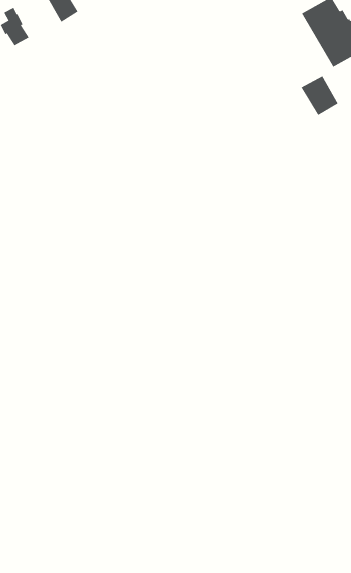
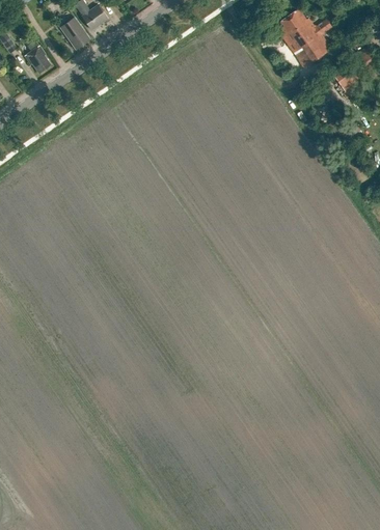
building: [301,76,339,116] -> none

